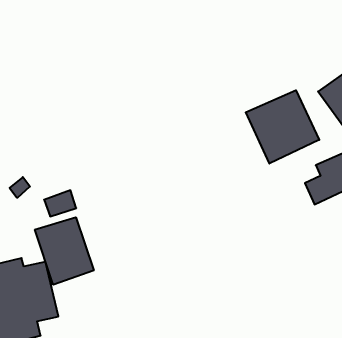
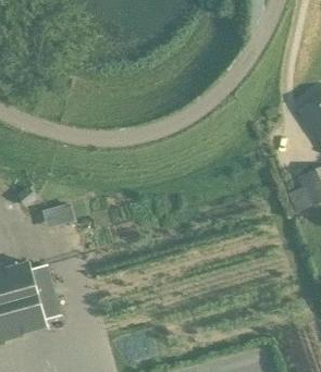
building: [246,90,319,164] -> none
building: [35,217,94,285] -> none

